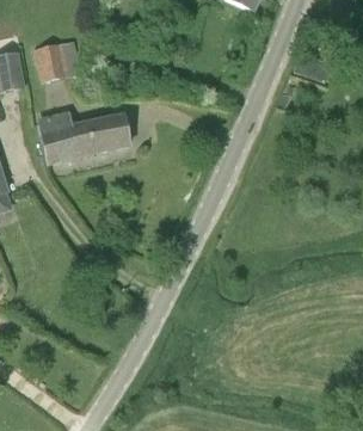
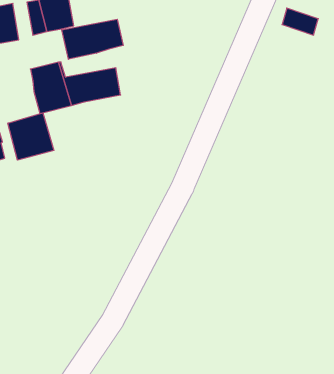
building: none -> [62,19,123,59]
building: none -> [8,113,54,160]

